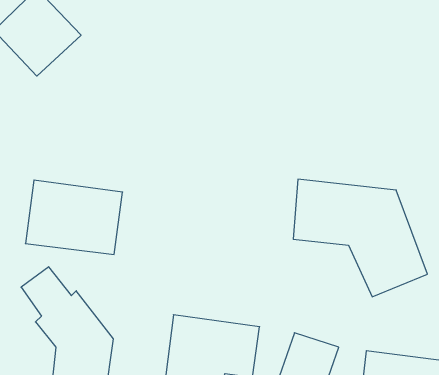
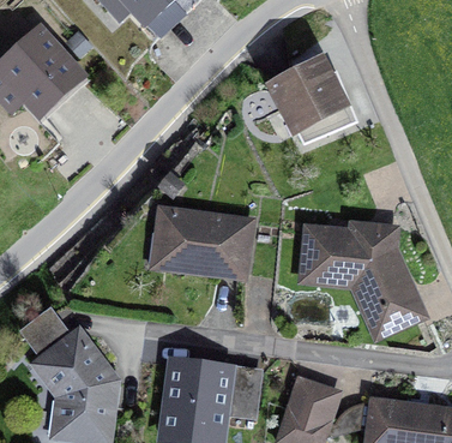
building: none -> [266,49,351,133]
building: [25,180,123,254] -> [158,205,255,280]

